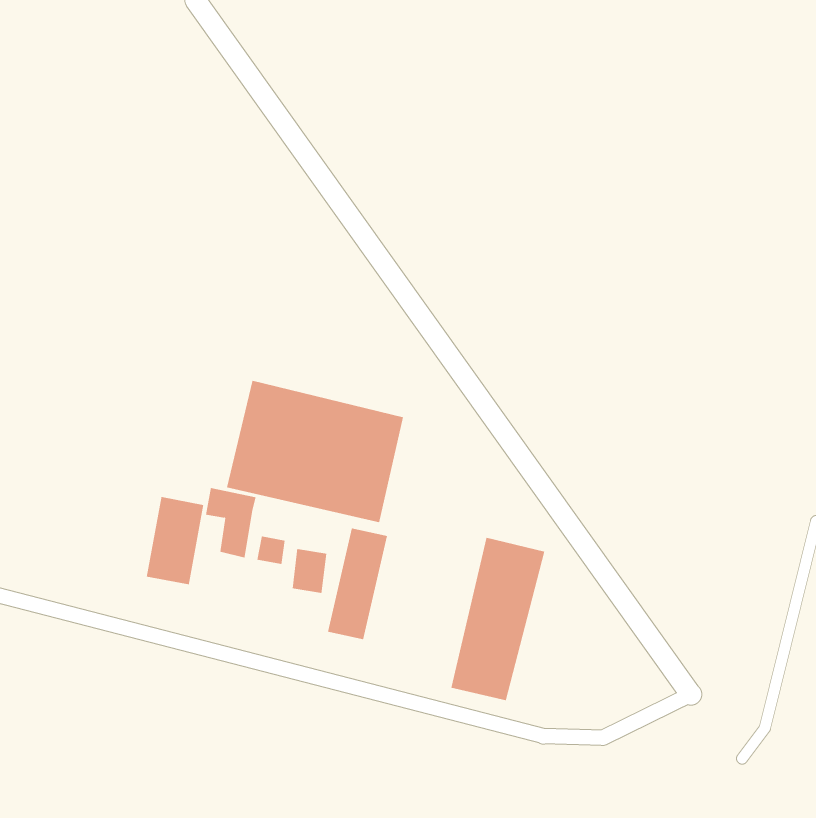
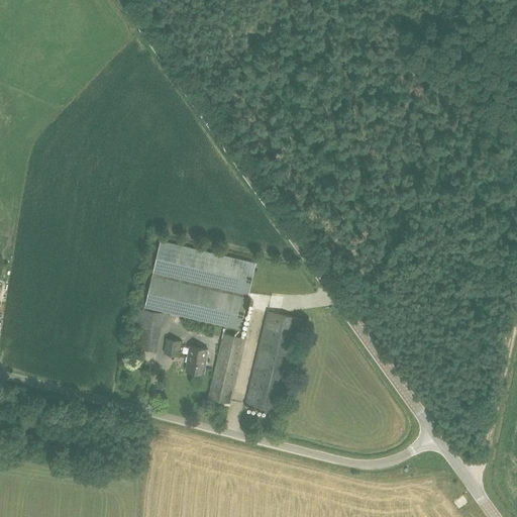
building: [146,496,204,585] -> none
building: [450,537,545,701] -> [243,311,303,414]

